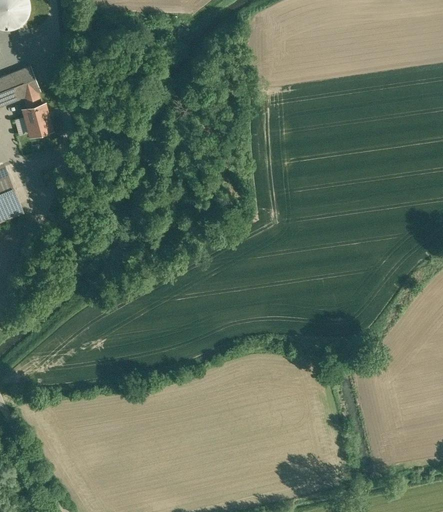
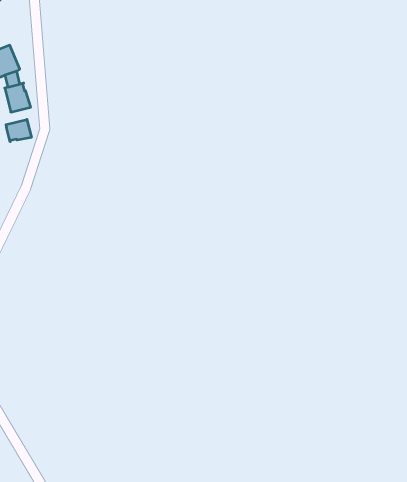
building: none -> [6,119,31,142]

